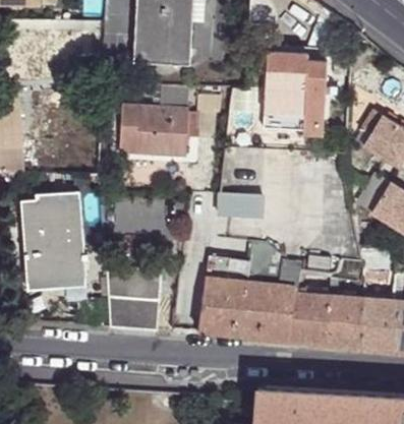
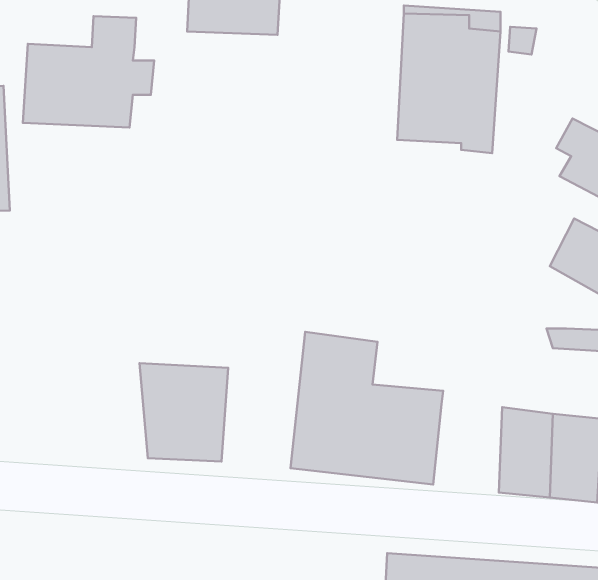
building: [118,87,199,157] -> [23,16,154,128]
building: [218,191,263,215] -> none
building: [22,194,83,291] -> none
building: [286,292,329,347] -> none

